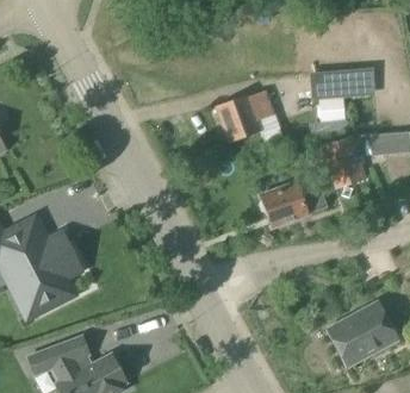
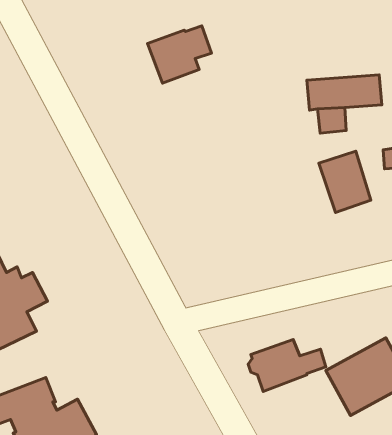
building: [217,91,273,141] -> [147,26,212,83]
building: [257,182,325,227] -> [248,340,326,391]

